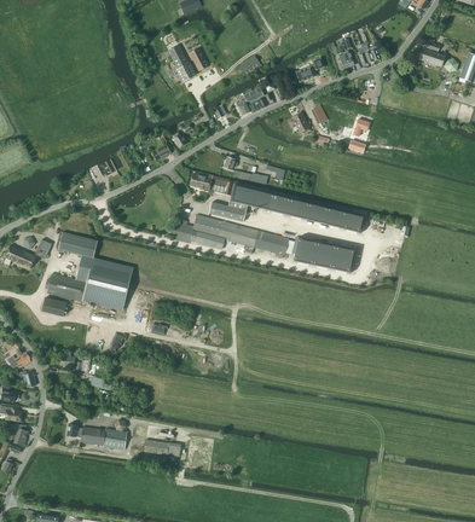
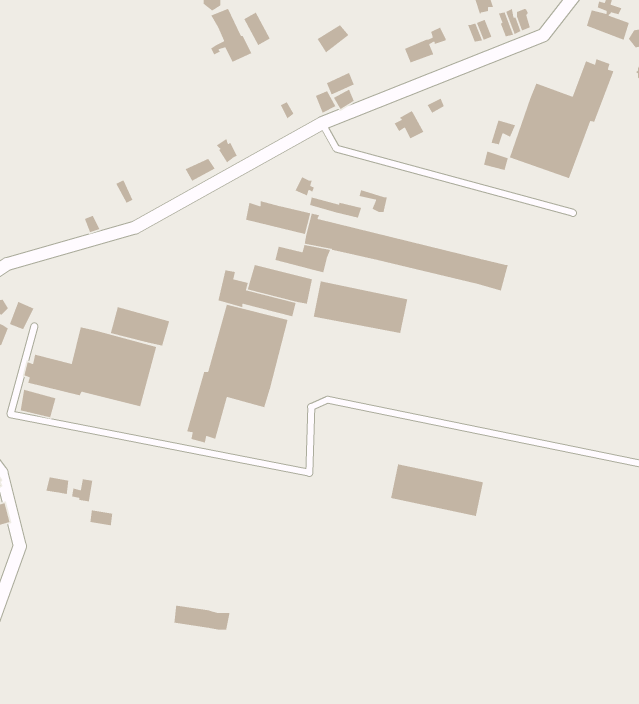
building: none -> [509,58,615,179]
building: [58,231,98,257] -> [110,306,170,346]
building: [294,237,355,272] -> [390,464,484,517]
building: none -> [186,304,288,443]
building: [68,423,127,448] -> none

